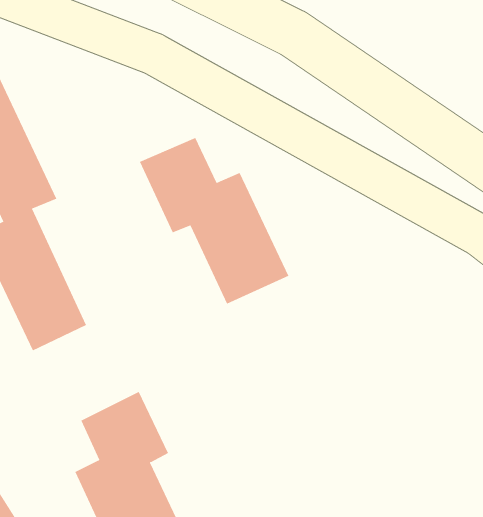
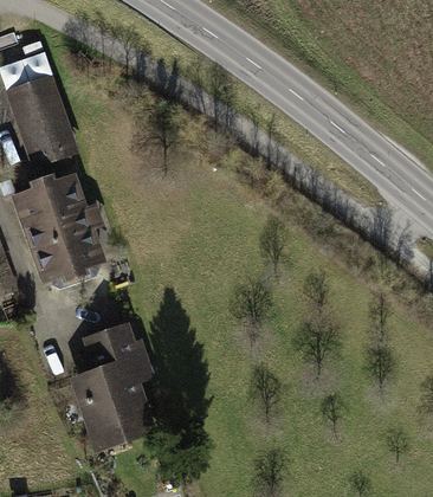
building: [139,137,289,305] -> none

